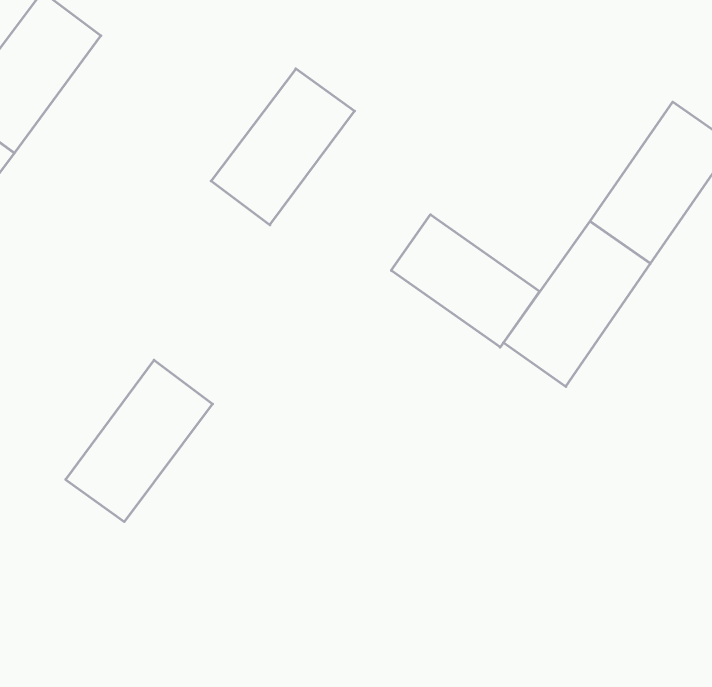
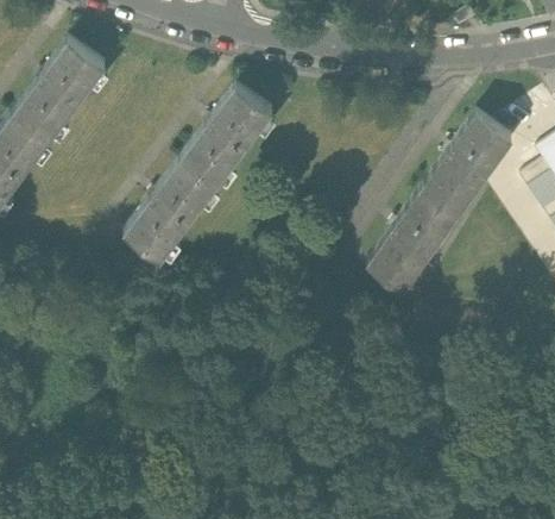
building: [391,215,539,347] -> none
building: [66,360,213,522] -> [121,160,216,264]

